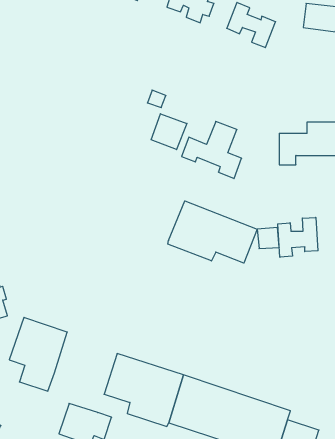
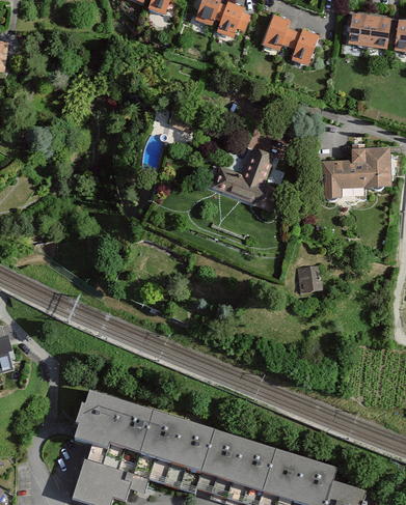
building: [151,114,187,150] -> none
building: [168,201,257,263] -> none
building: [278,217,318,257] -> none
building: [9,317,67,391] -> [74,391,139,474]

